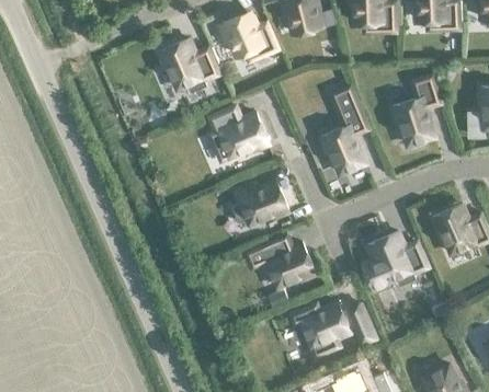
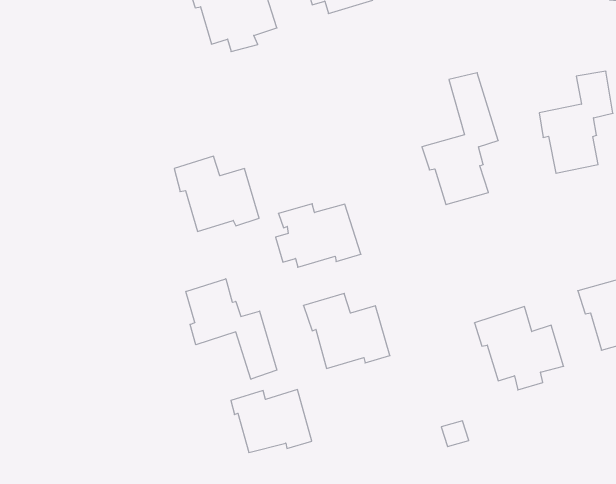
building: [209,108,268,158] -> [174,156,259,231]
building: none -> [186,279,277,379]
building: [295,302,350,346] -> [231,390,312,452]

